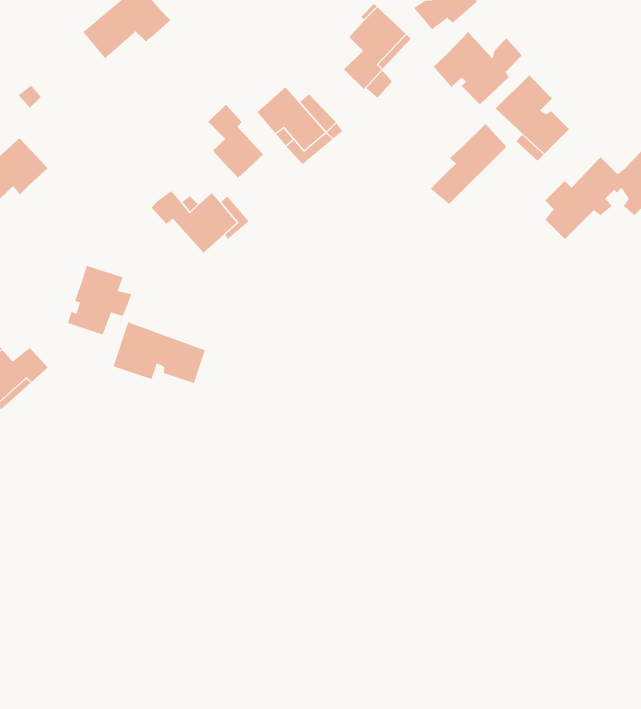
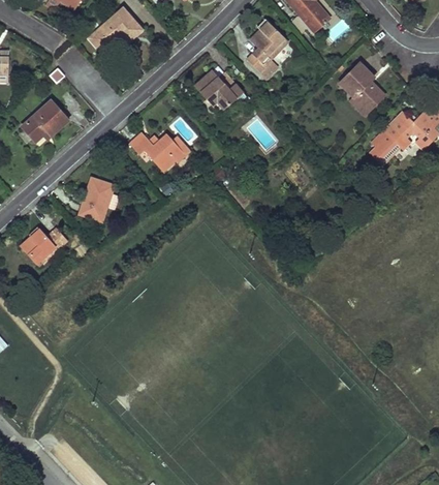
building: [433,31,523,105] -> none
building: [208,104,264,178] -> none
building: [430,123,507,205] -> none
building: [113,322,205,384] -> none

